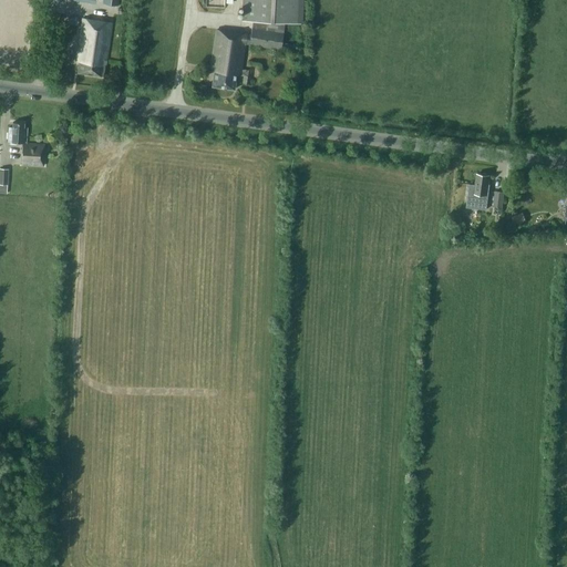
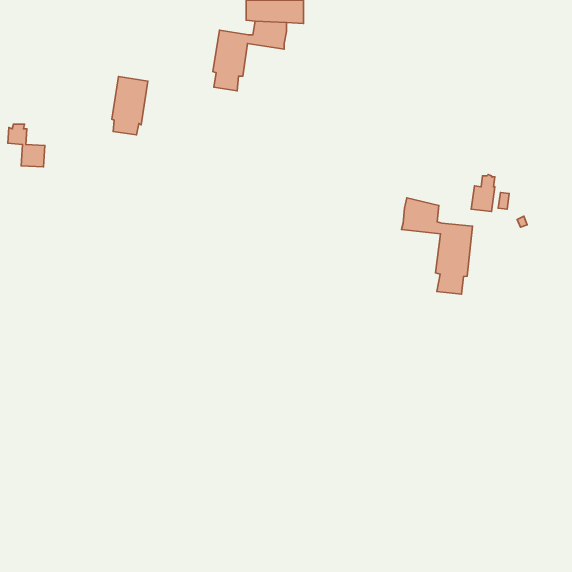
building: [76,19,112,76] -> [112,77,148,135]
building: none -> [401,198,473,294]

